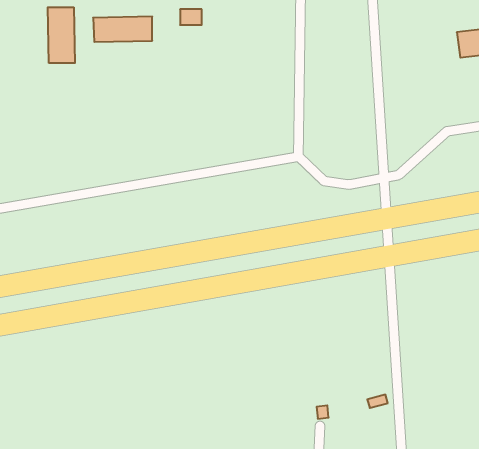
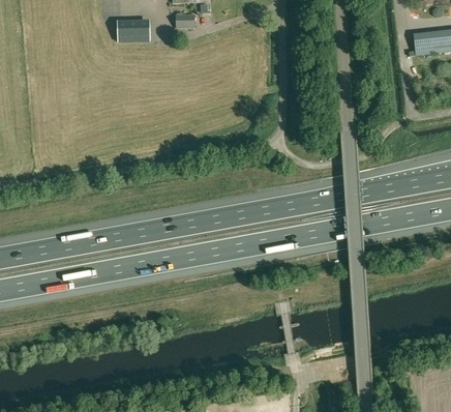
building: [48,7,75,63] -> none

